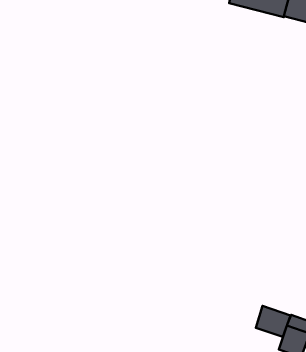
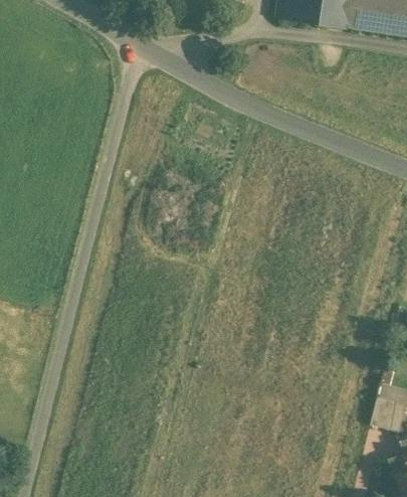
building: [256,306,291,337] -> none

